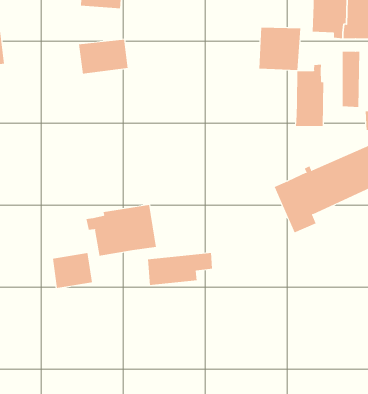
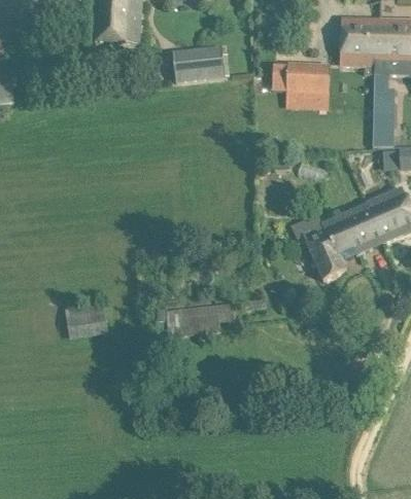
building: [78,39,129,74] -> [173,44,227,81]
building: [296,64,324,127] -> none
building: [86,204,157,256] -> none

